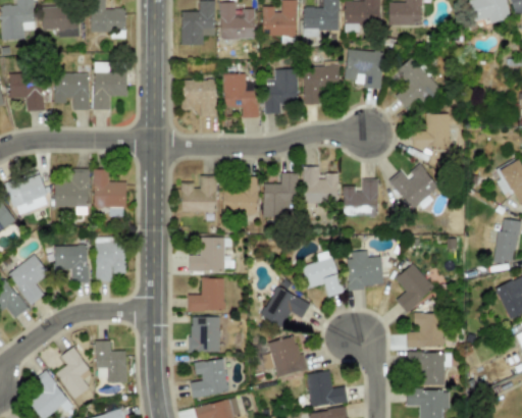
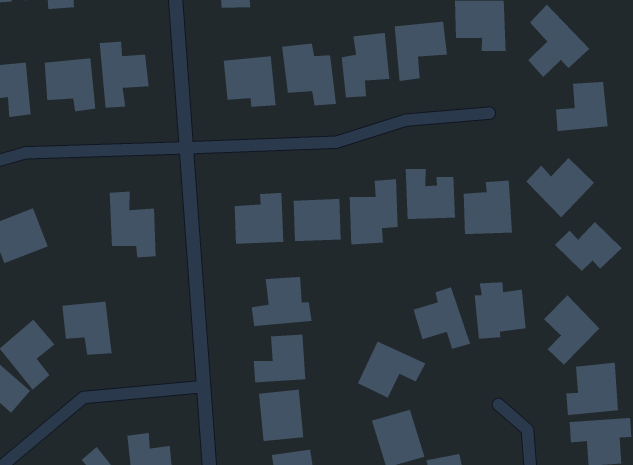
building: [54,168,89,207] -> none
building: none -> [554,221,622,272]
building: [95,238,124,280] -> none

